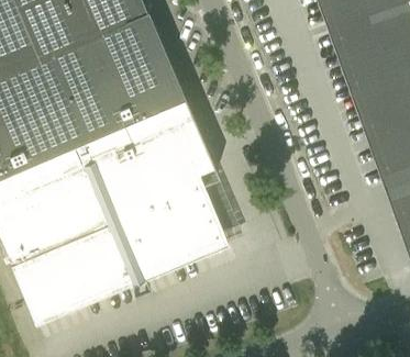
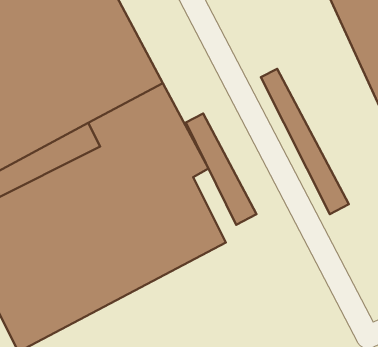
building: none -> [261,69,349,214]
building: none -> [186,114,257,225]

